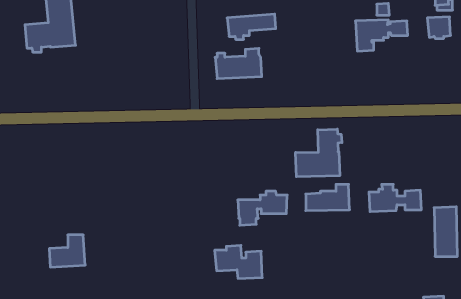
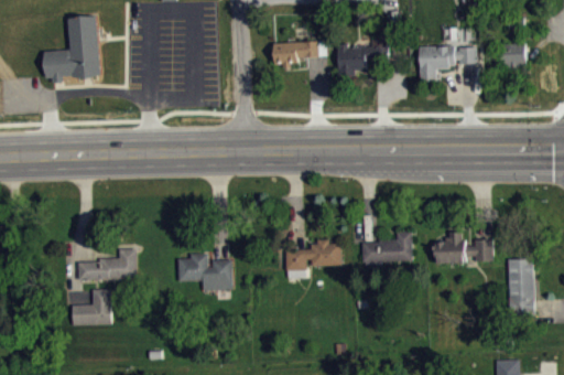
building: [215,48,262,79] -> [337,38,390,72]
building: [296,129,342,177] -> none
building: none -> [78,248,138,279]
building: [215,245,262,278] -> [177,253,231,290]

